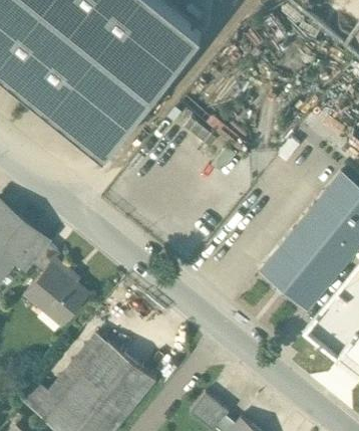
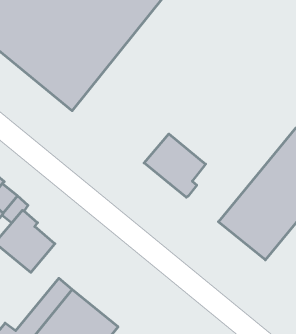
building: none -> [144,134,206,197]

